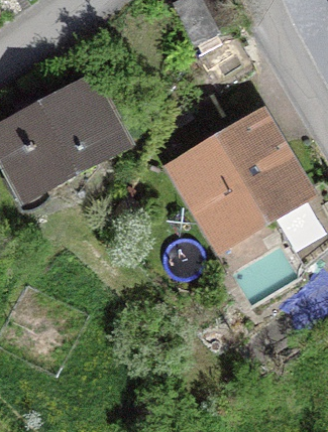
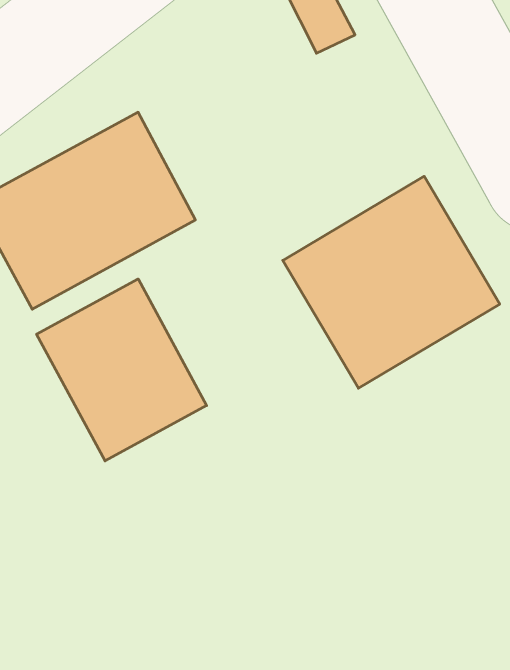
building: none -> [37,279,207,461]

